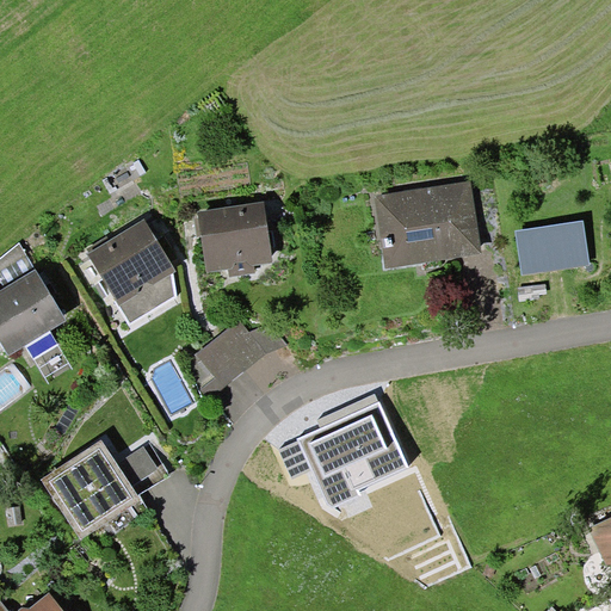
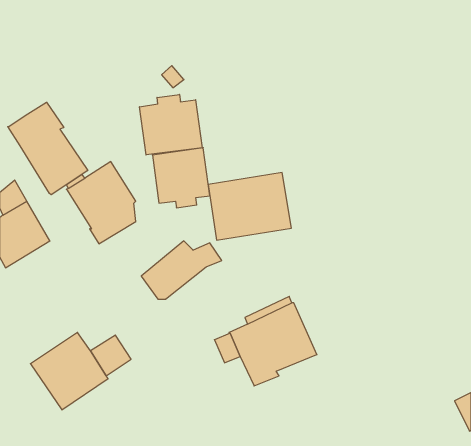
building: none -> [140,94,202,155]
building: none -> [8,102,88,195]
building: [374,181,481,269] -> [208,173,291,240]
building: [514,220,590,276] -> none

